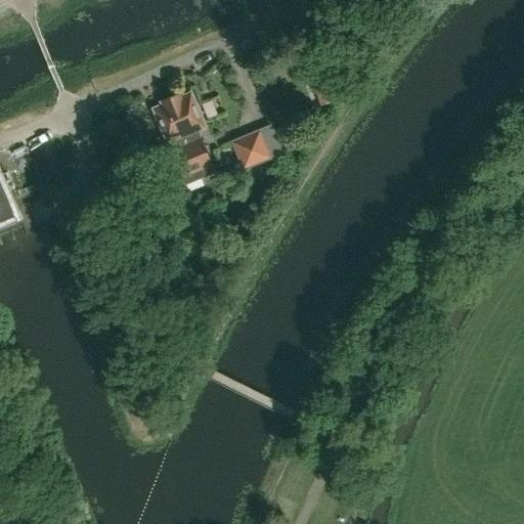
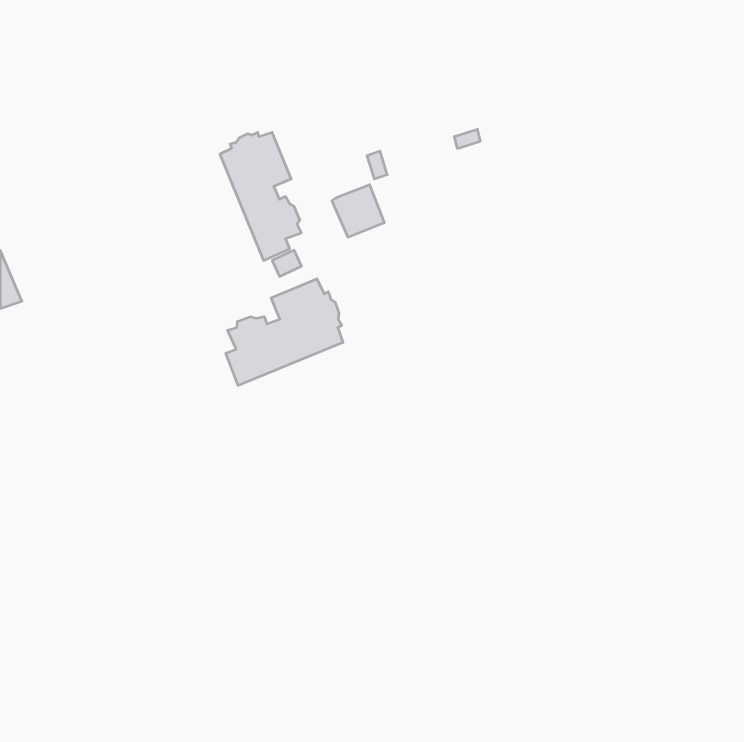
building: none -> [226,279,343,385]

